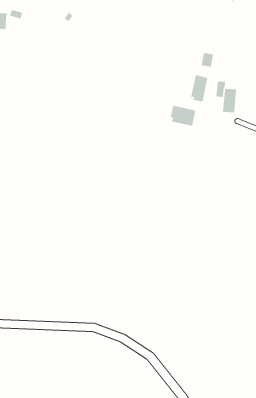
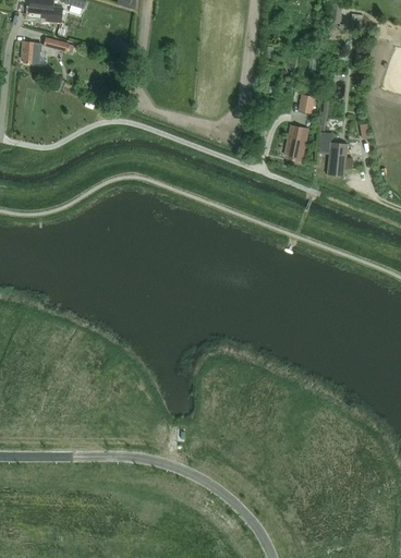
building: [170,105,196,127] -> none

